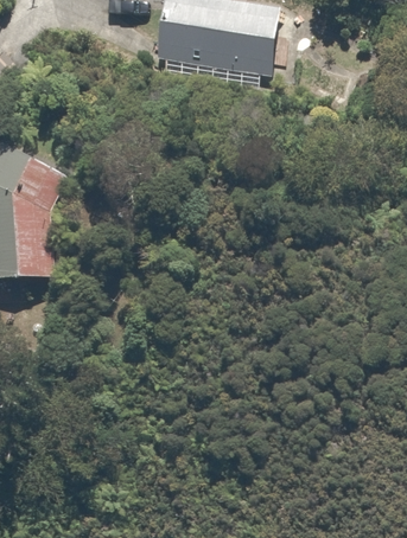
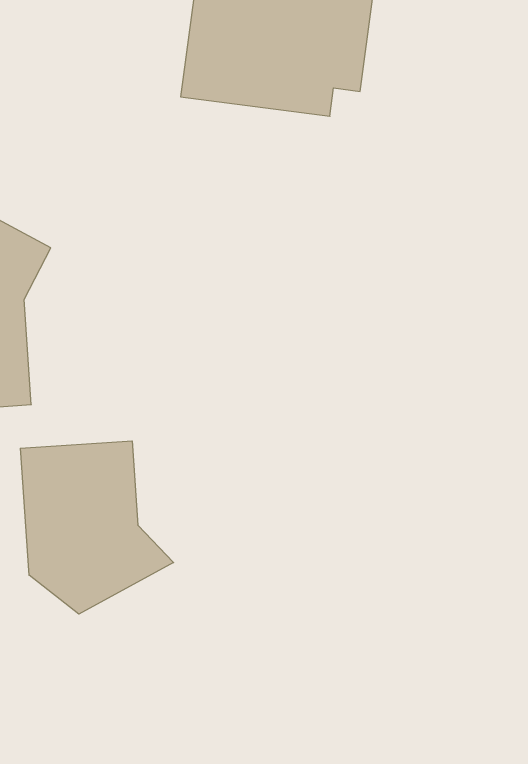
building: none -> [20,441,174,614]

